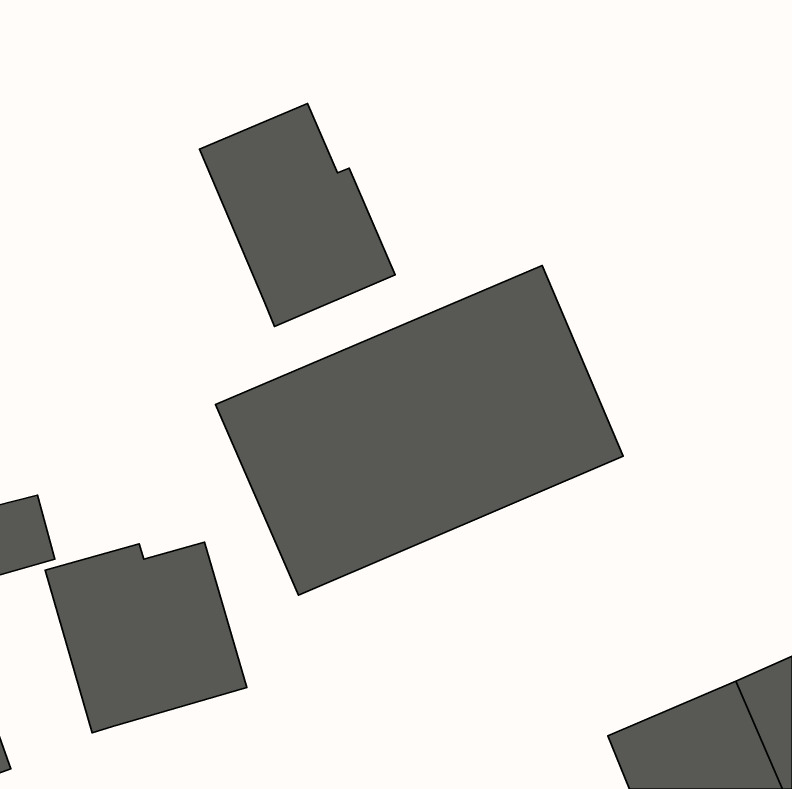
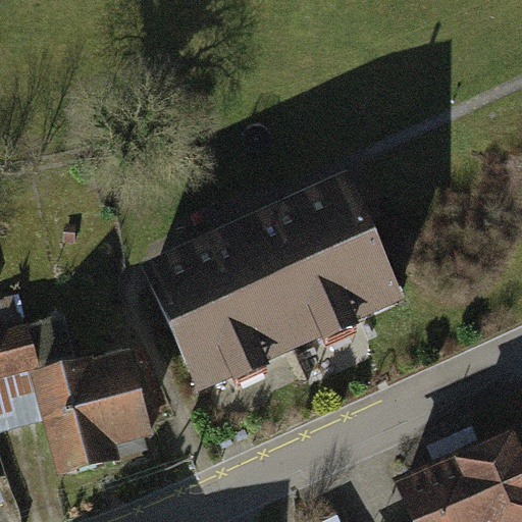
building: [200,103,395,326] -> none

